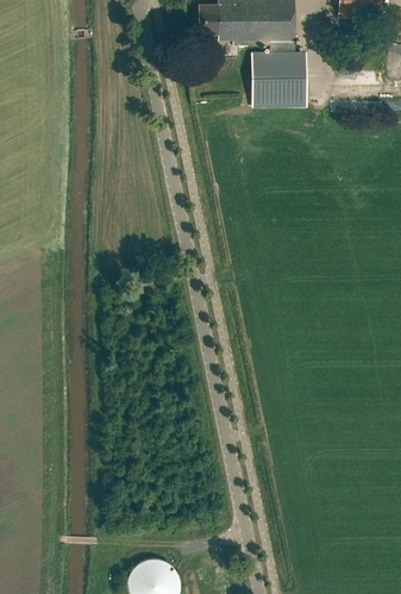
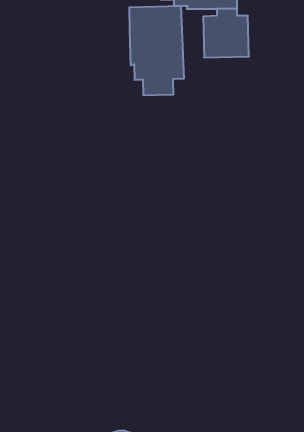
building: none -> [129,6,184,95]

